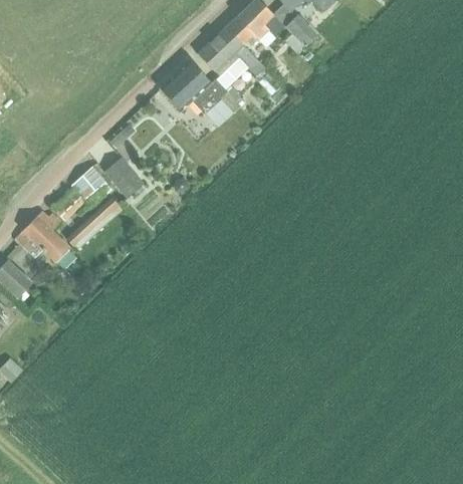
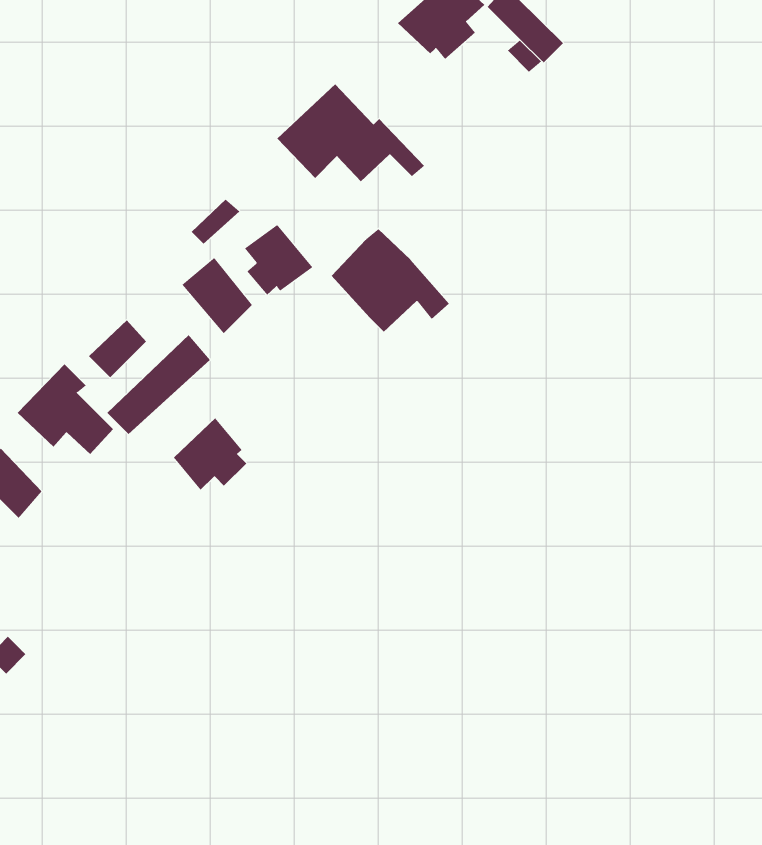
building: [199,26,264,83] -> [331,228,450,333]
building: none -> [244,224,313,295]
building: [75,165,107,197] -> none
building: none -> [173,417,247,490]

